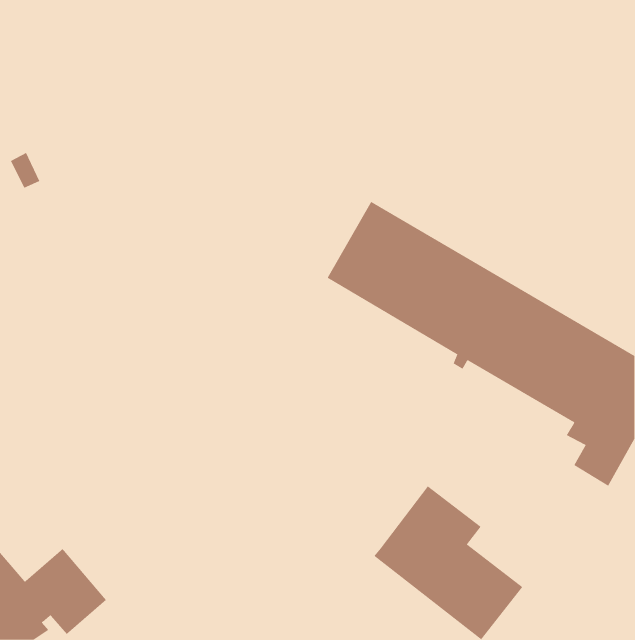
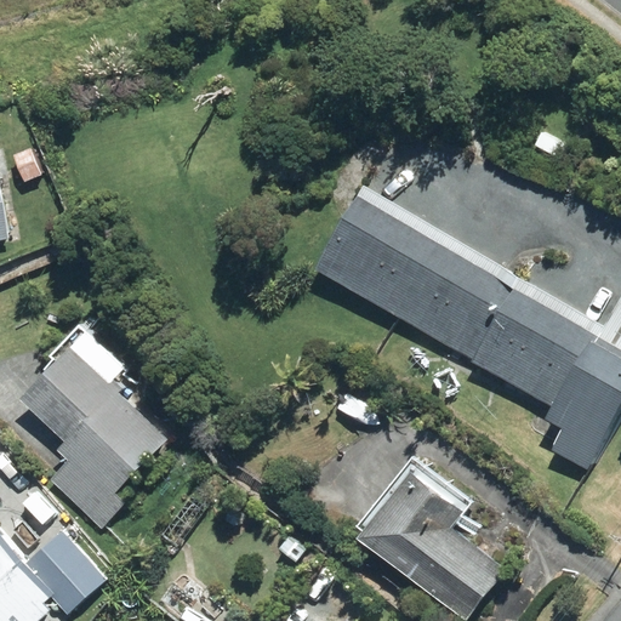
building: none -> [18,321,165,528]

